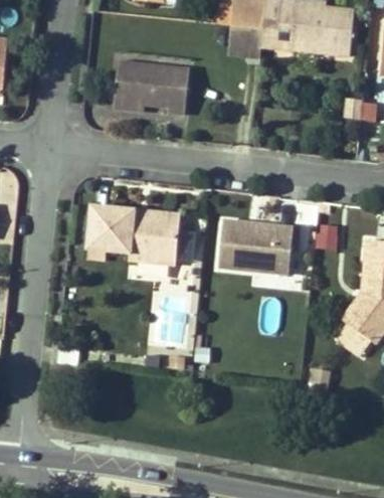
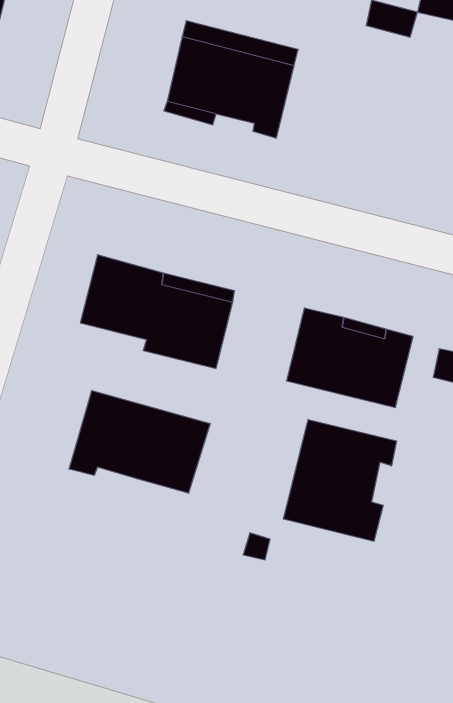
building: none -> [284,419,396,541]
building: none -> [69,390,210,493]

